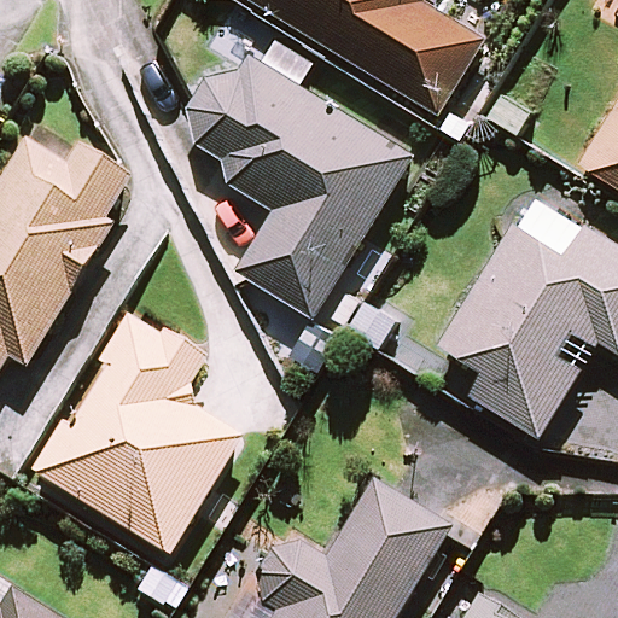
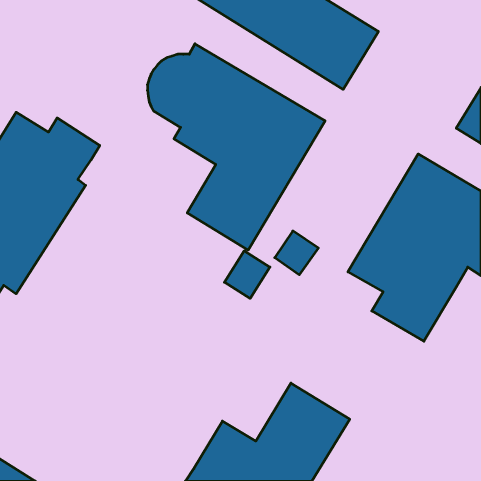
building: [30,316,237,558] -> none

